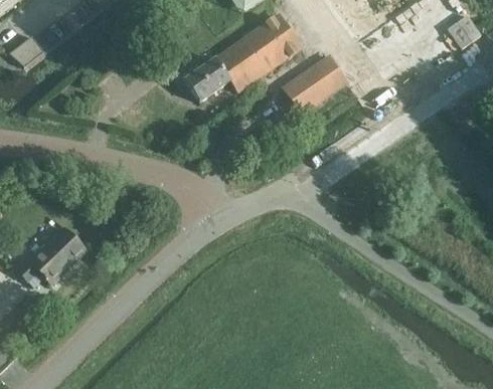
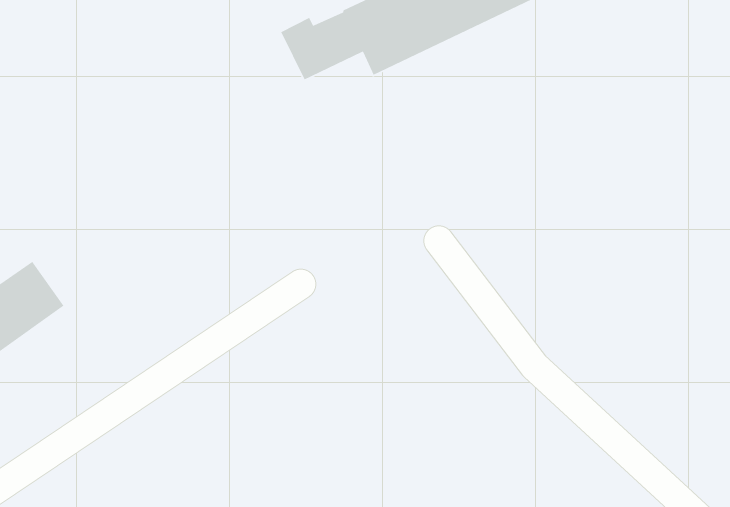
building: [280,55,347,116] -> none

